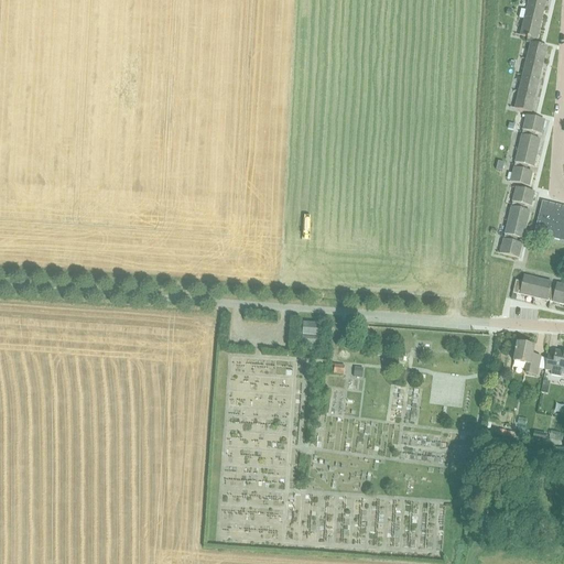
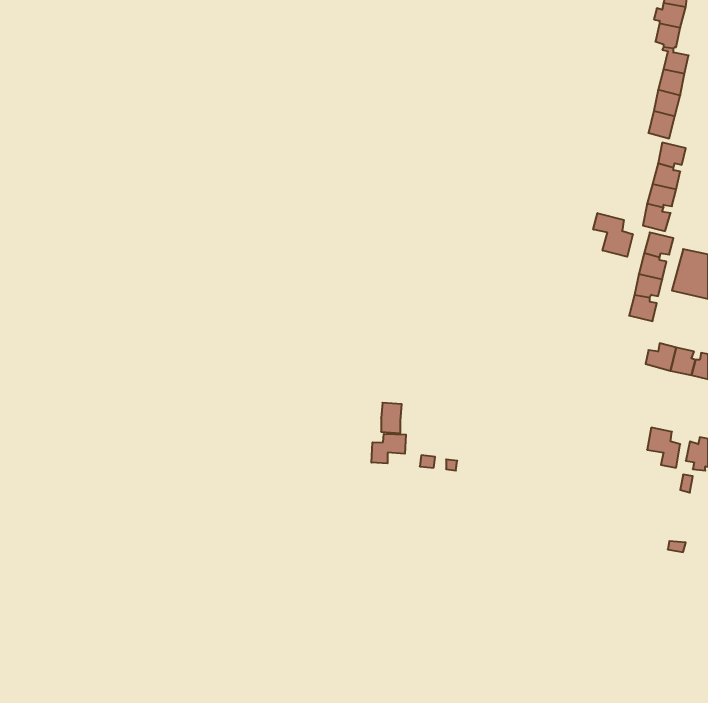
building: none -> [593,213,633,257]
building: none -> [371,434,406,463]

